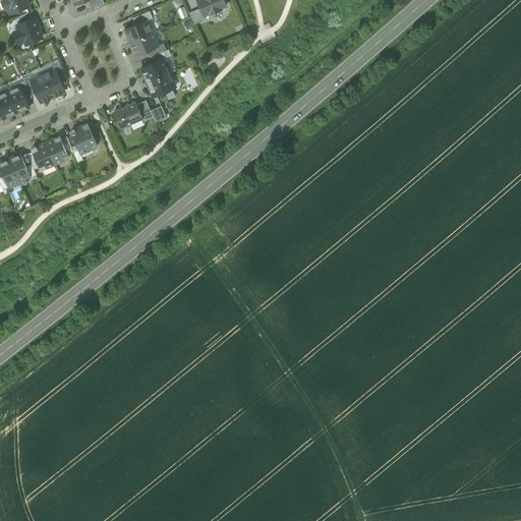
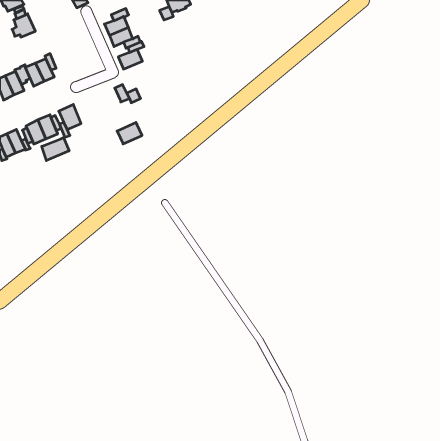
building: [146,72,174,96] -> none
building: [112,102,141,127] -> [117,122,142,144]
building: none -> [42,137,69,161]

